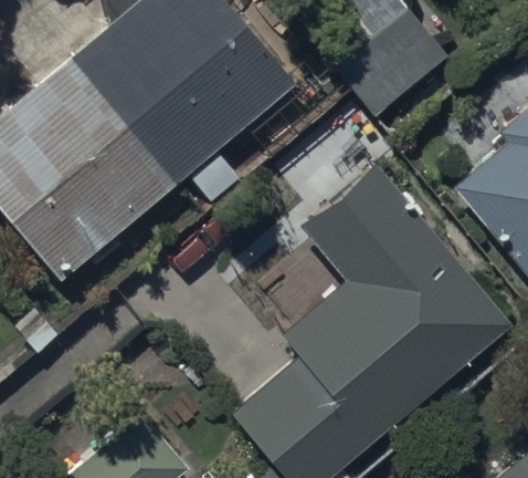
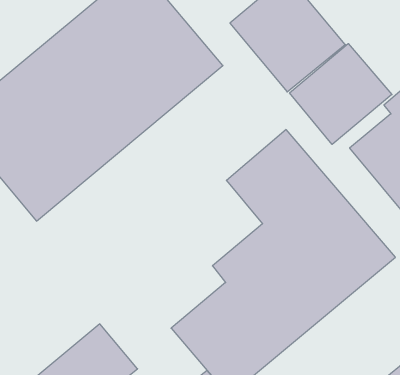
building: none -> [290,44,392,144]

